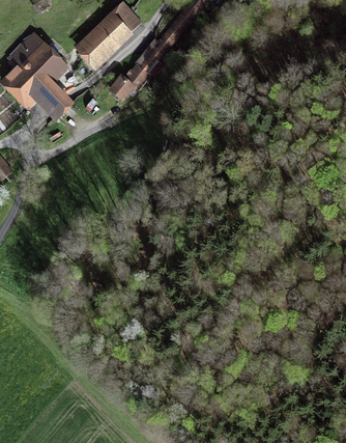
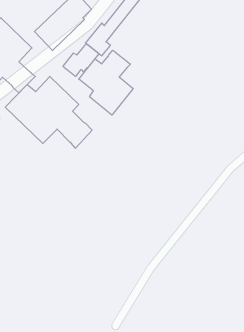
building: none -> [79,50,133,115]
building: none -> [5,76,92,148]

